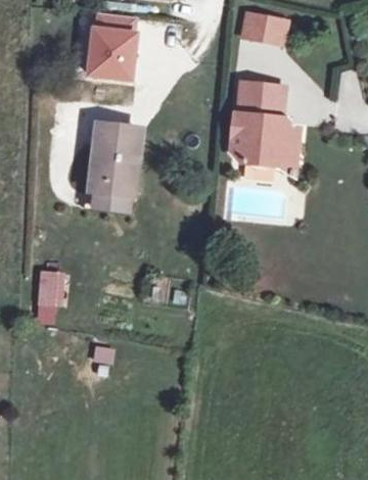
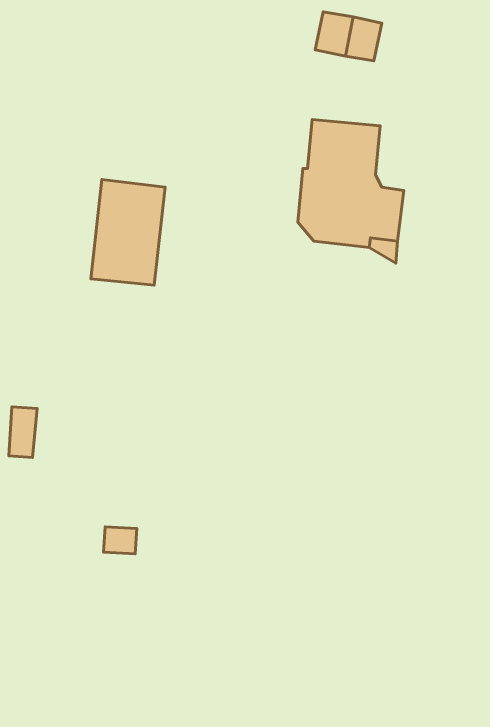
building: [93,10,149,81] -> none
building: [85,184,134,209] -> none

